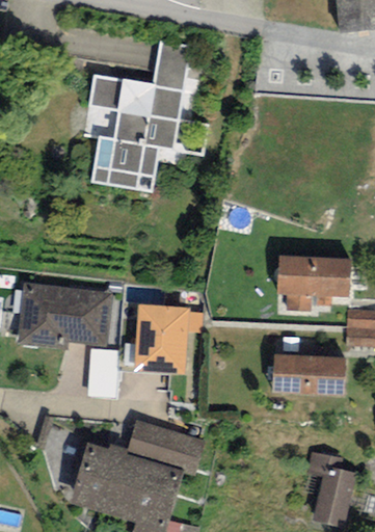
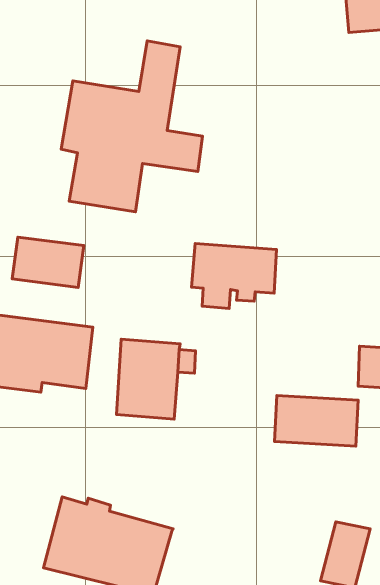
building: none -> [12,237,84,287]
building: [276,254,351,311] -> [192,244,276,308]
building: [87,348,118,398] -> none
building: [127,421,205,476] -> none

